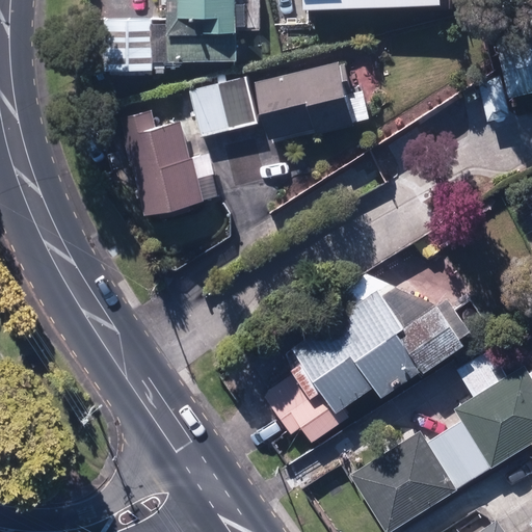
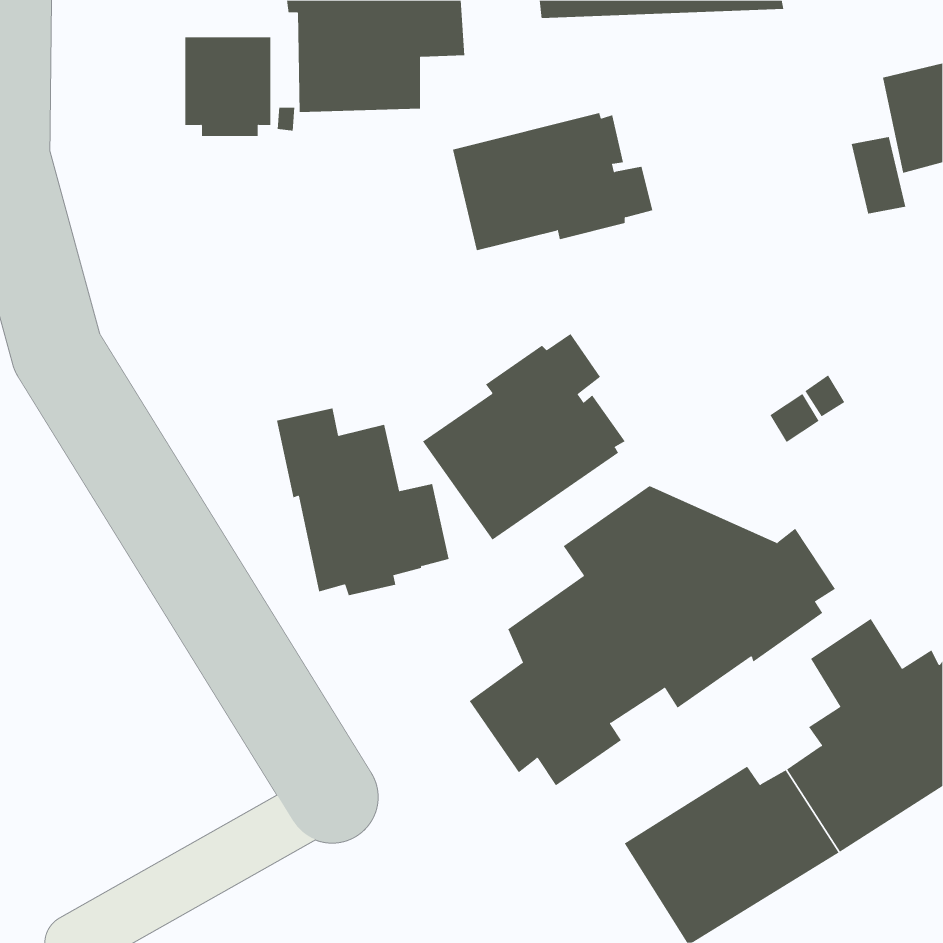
building: [189,77,259,138] -> none
building: [121,112,218,218] -> [276,408,450,596]
building: none -> [422,333,626,540]

